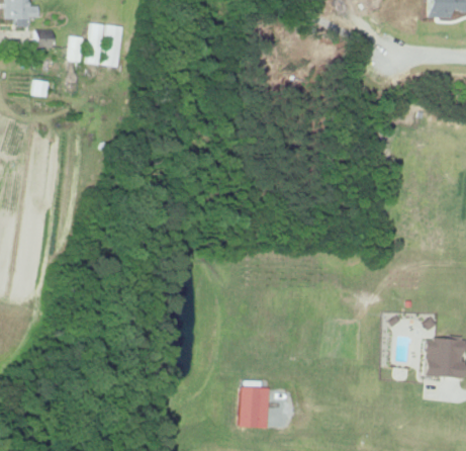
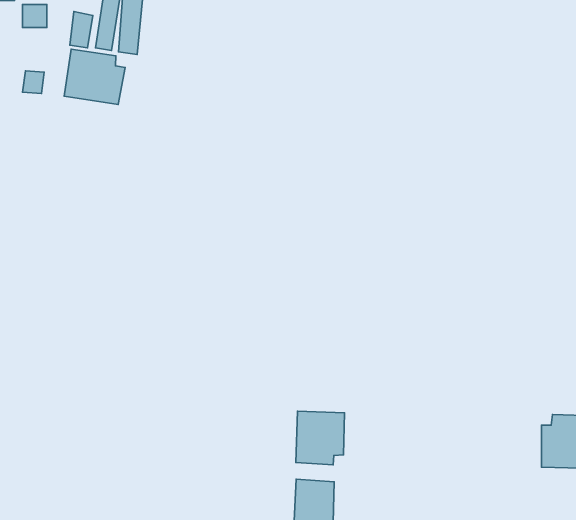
building: none -> [64,49,125,105]
building: none -> [296,411,345,465]

